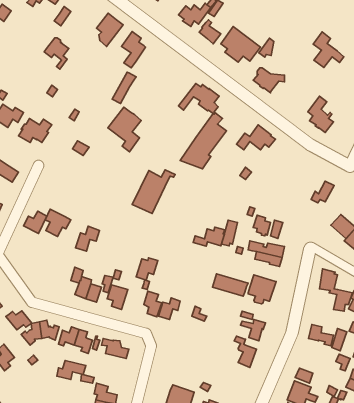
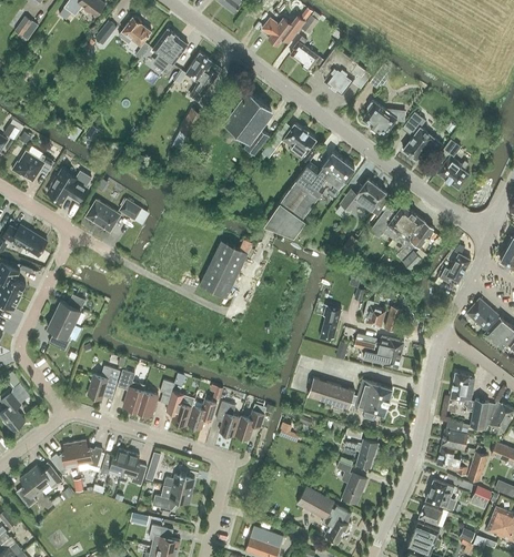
building: [313,32,344,67] -> [402,112,443,160]
building: [44,38,69,69] -> [119,17,152,59]
building: none -> [314,152,355,196]
building: [108,107,141,152] -> [226,94,271,154]
building: none -> [85,200,121,232]
building: none -> [370,205,433,269]
building: [45,209,71,236] -> [48,314,82,351]
building: [76,226,100,251] -> [88,366,120,399]
building: [193,227,225,246] -> none
building: [136,258,158,280] -> [188,399,216,429]
building: none -> [442,421,468,449]
building: [6,311,32,330] -> [28,465,62,490]
building: none -> [425,479,454,508]
building: none -> [298,486,352,543]
building: [57,360,86,379] -> [153,485,192,510]

